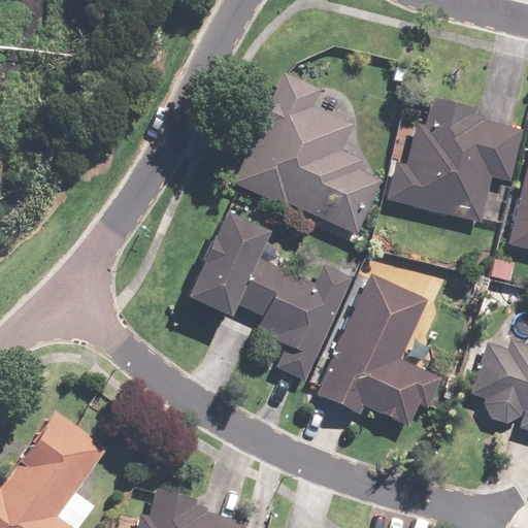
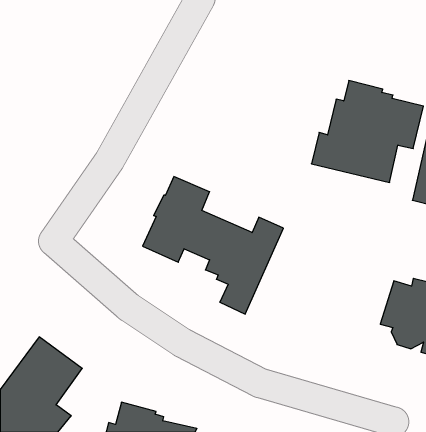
building: [234,72,384,235] -> none
building: [318,273,442,427] -> none

